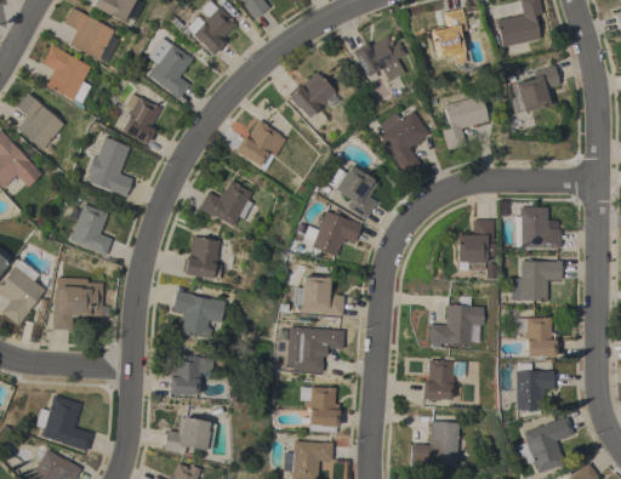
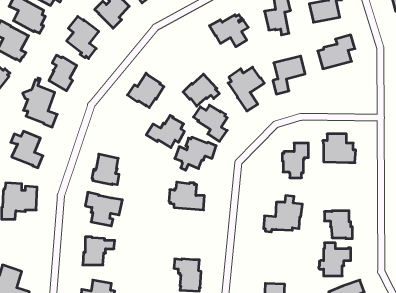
building: [289,72,341,118] -> [183,74,219,106]
building: [199,179,253,226] -> [146,115,184,148]
building: [511,260,563,300] -> none
building: [286,326,344,372] -> none
building: [422,359,467,399] -> none

